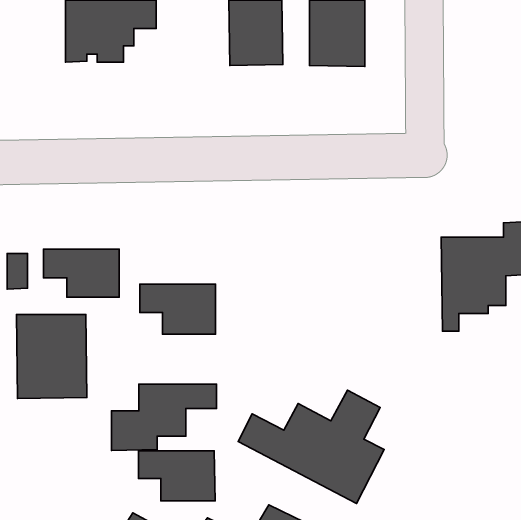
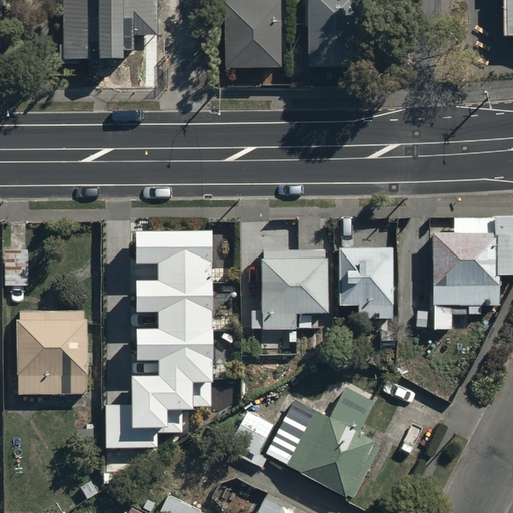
building: none -> [337,244,392,318]
building: [43,249,119,297] -> [138,233,212,281]
building: none -> [258,251,327,330]
building: [138,451,215,501] -> [138,330,213,379]

